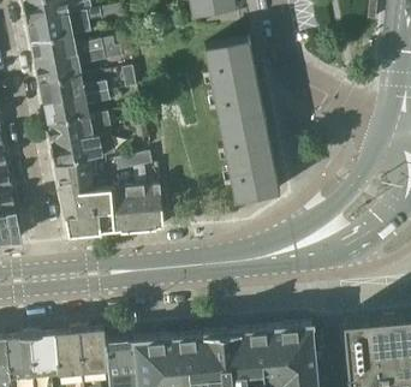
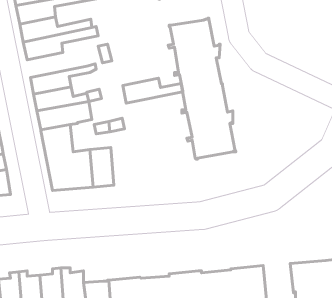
building: [40,77,108,106] -> [123,78,182,103]
building: [136,185,163,230] -> none

